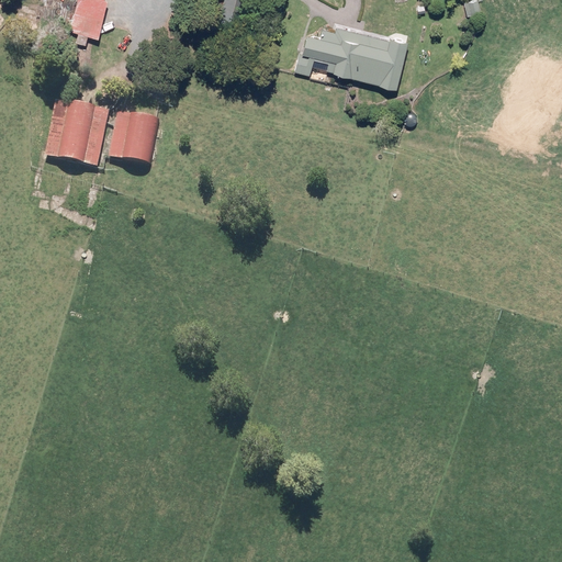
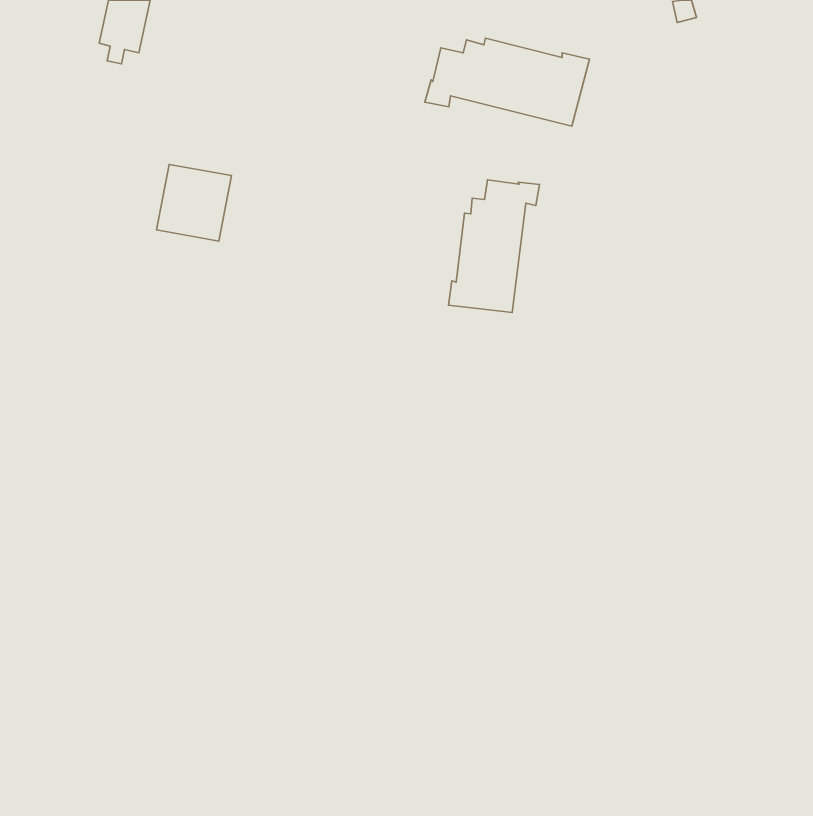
building: [45,101,110,168] -> none
building: none -> [449,180,540,313]

